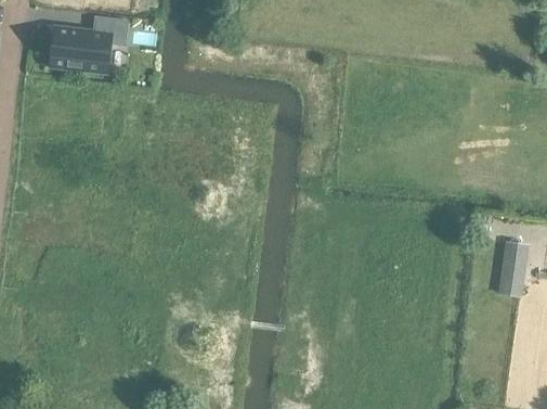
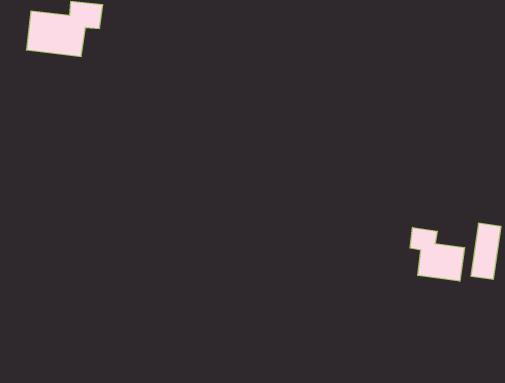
building: none -> [410,227,465,281]

